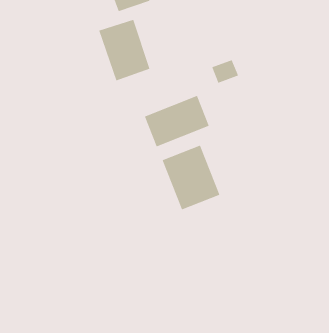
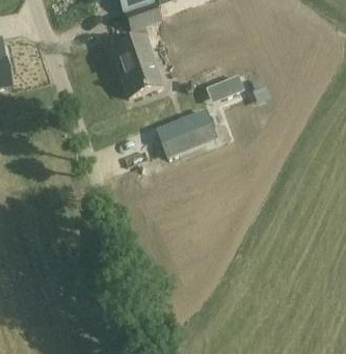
building: [162,144,221,211] -> none

